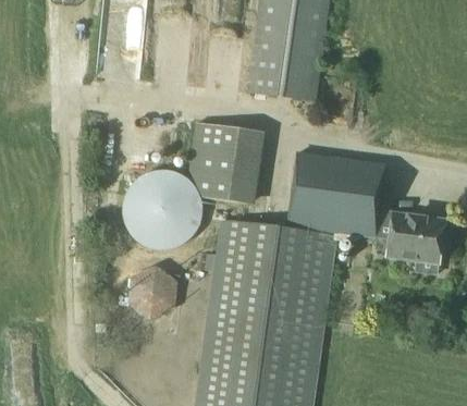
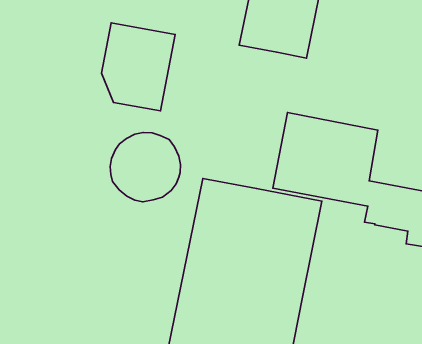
building: [191,122,258,202] -> [101,23,175,111]
building: [128,264,176,318] -> none

